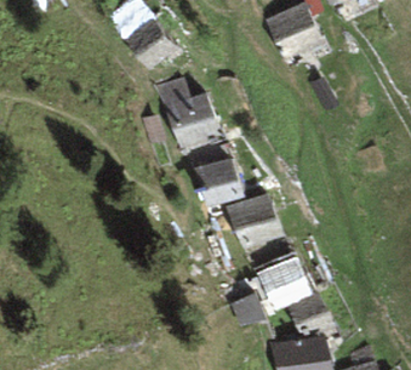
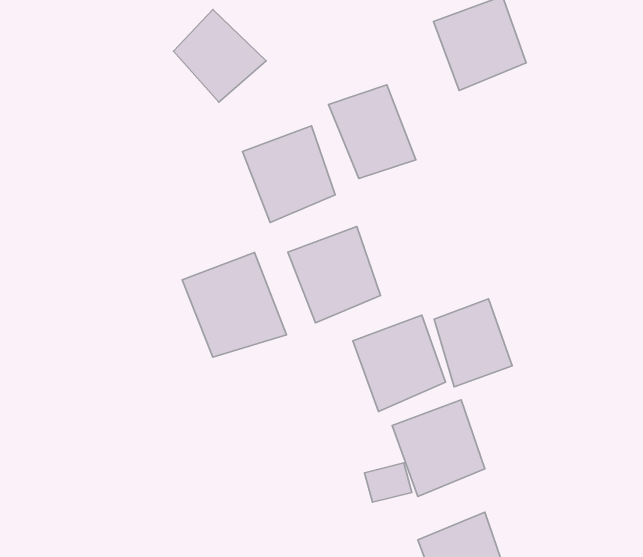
building: none -> [329,85,416,178]
building: none -> [182,253,286,357]
building: none -> [434,299,512,387]

